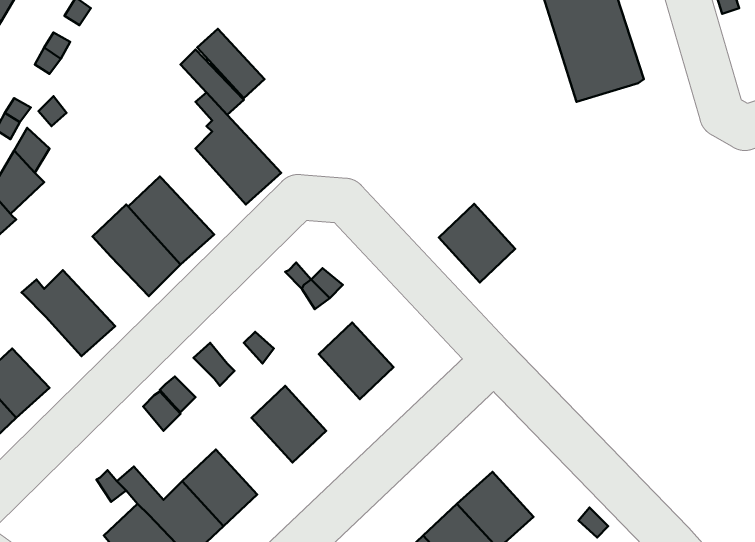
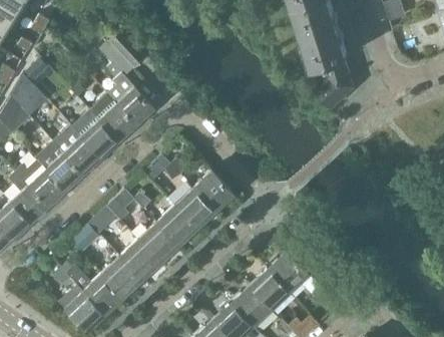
building: none -> [315,61,354,110]
building: none -> [89,96,134,142]
building: [439,204,515,282] -> [191,172,233,214]
building: none -> [34,143,82,192]
building: none -> [8,174,46,225]
building: none -> [155,207,195,248]
building: none -> [118,241,159,282]
building: none -> [267,253,307,294]

